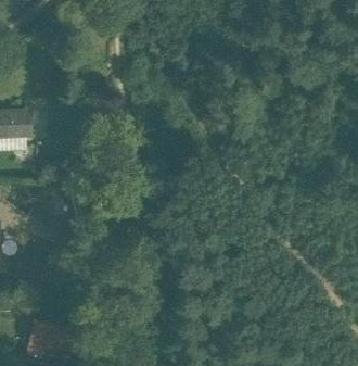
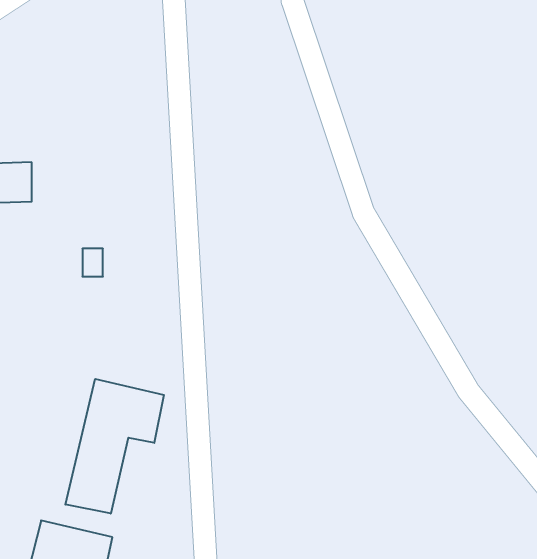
building: none -> [65,379,164,514]

